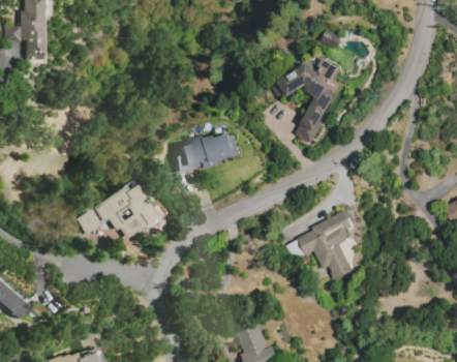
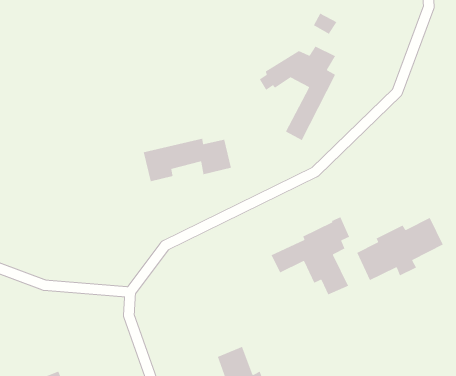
building: [75,179,158,237] -> none
building: none -> [356,217,444,281]

